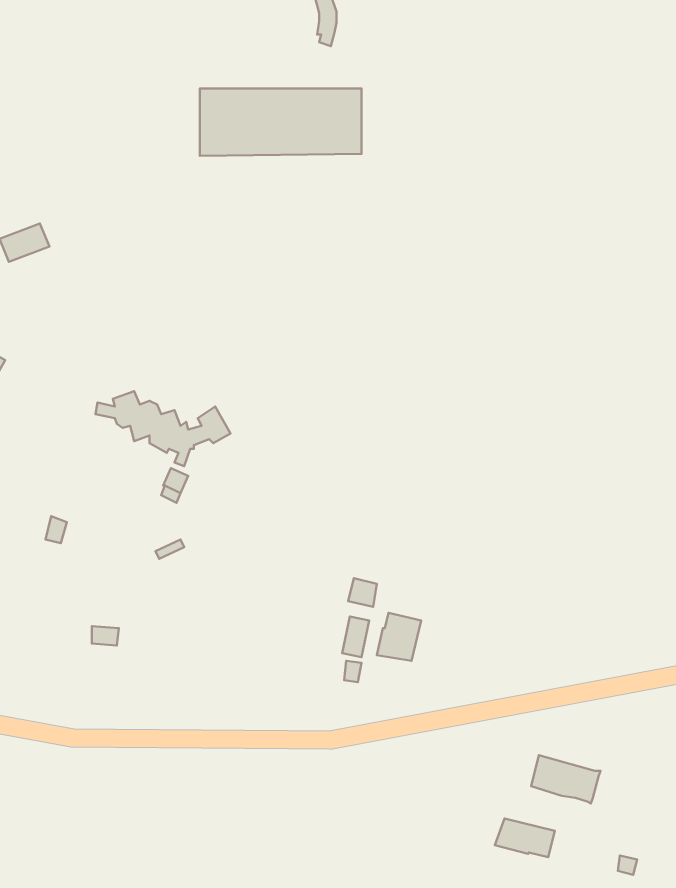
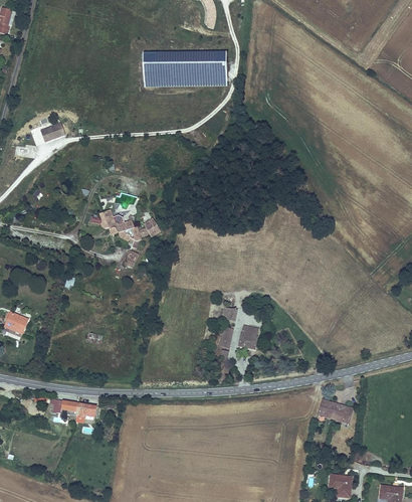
building: none -> [49,398,95,417]
building: [495,818,555,857] -> none

